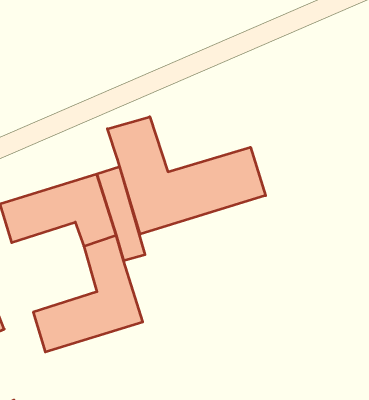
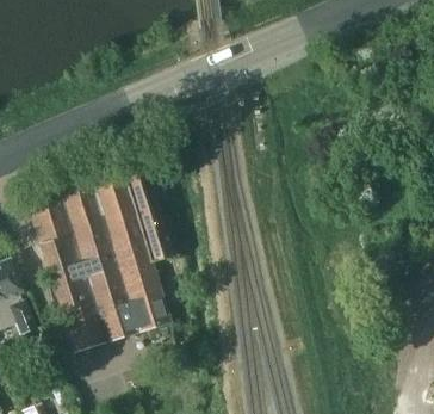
building: [107,117,266,234] -> none
building: none -> [37,223,122,313]

